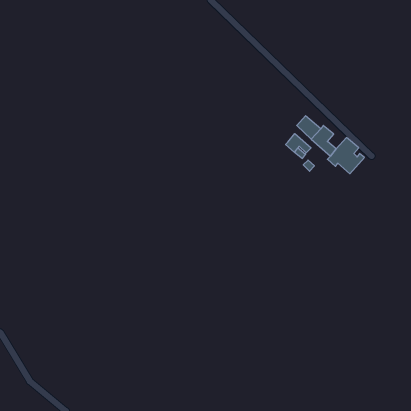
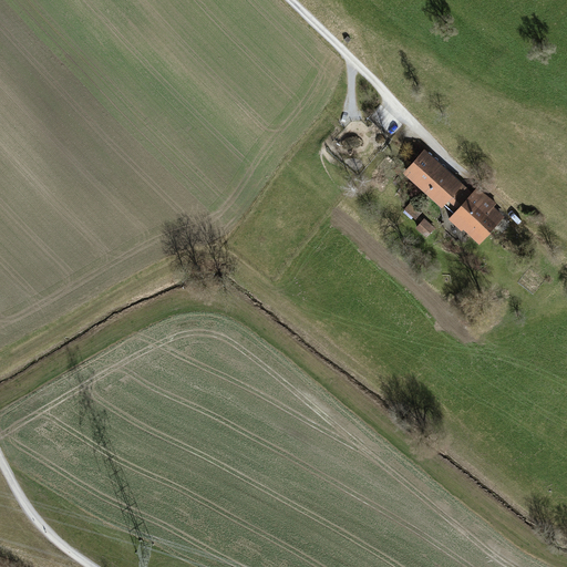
building: [286,134,311,153] -> none

